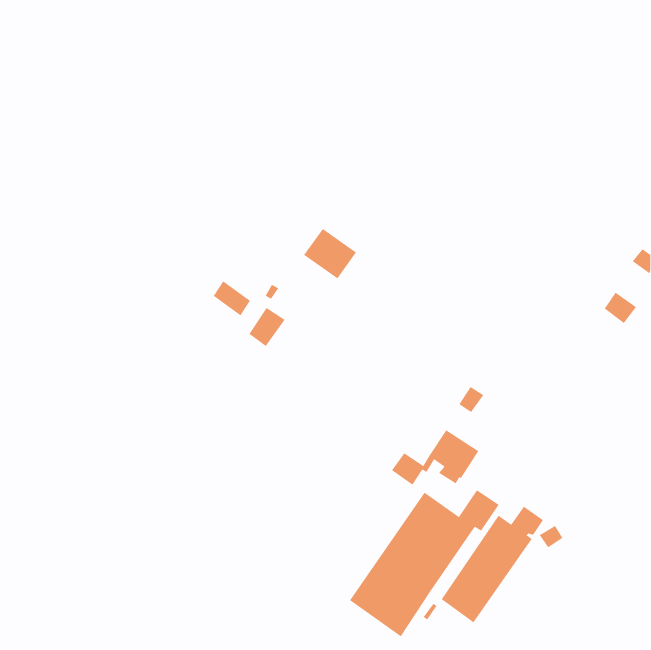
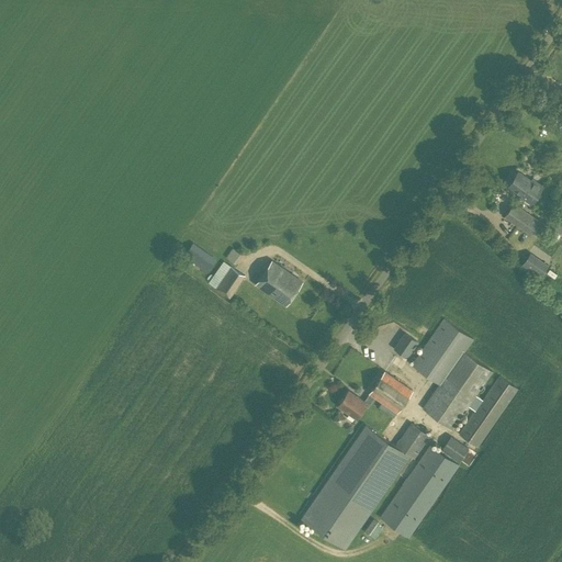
building: none -> [507,171,542,204]
building: [303,228,357,279] -> [256,261,302,305]
building: none -> [504,204,540,237]
building: none -> [412,319,518,448]

